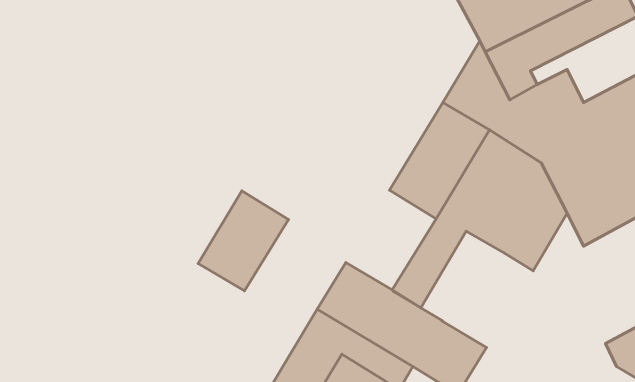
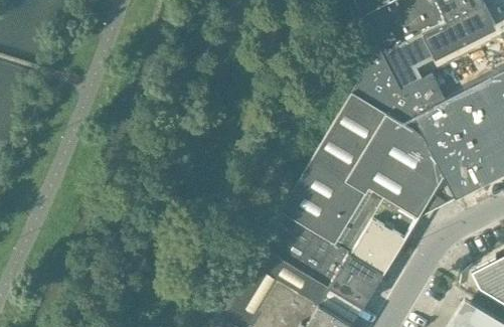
building: [198,191,288,291] -> [283,159,349,232]
building: none -> [338,189,417,275]

